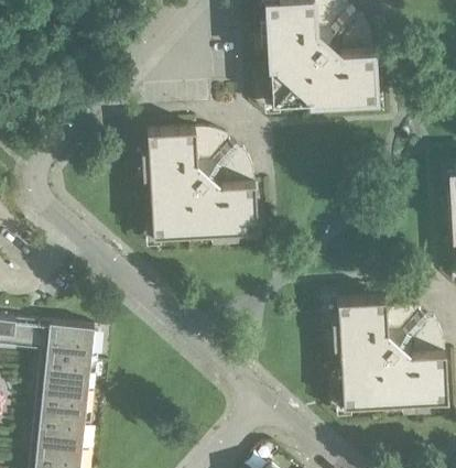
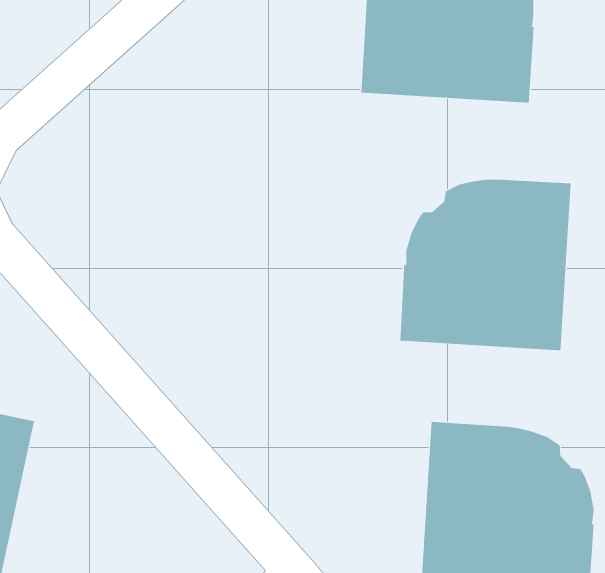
building: [146,131,257,239] -> none
building: none -> [400,179,571,351]

